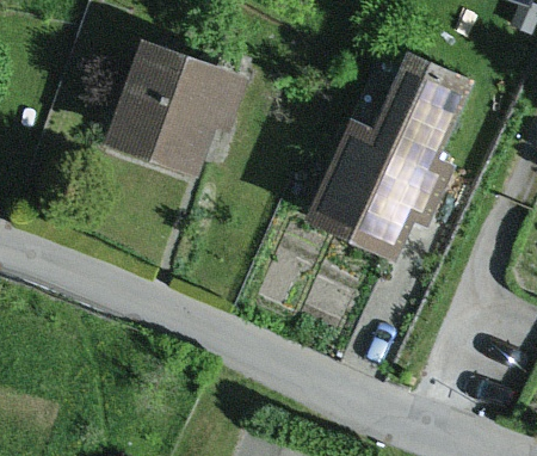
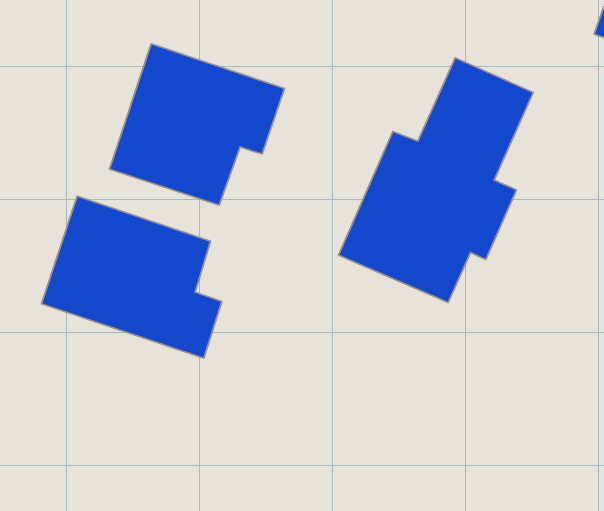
building: none -> [41,196,222,358]

